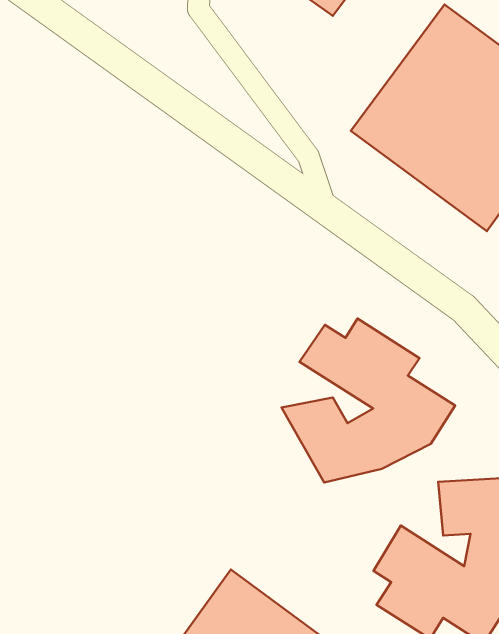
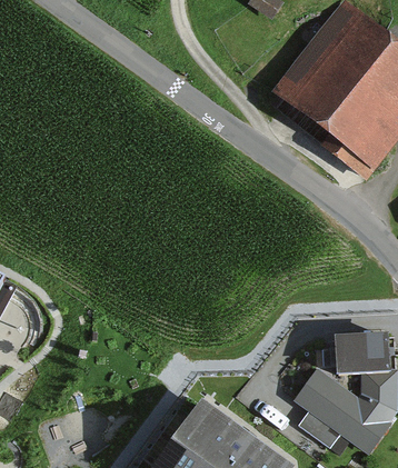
building: [281,319,455,482] -> none

